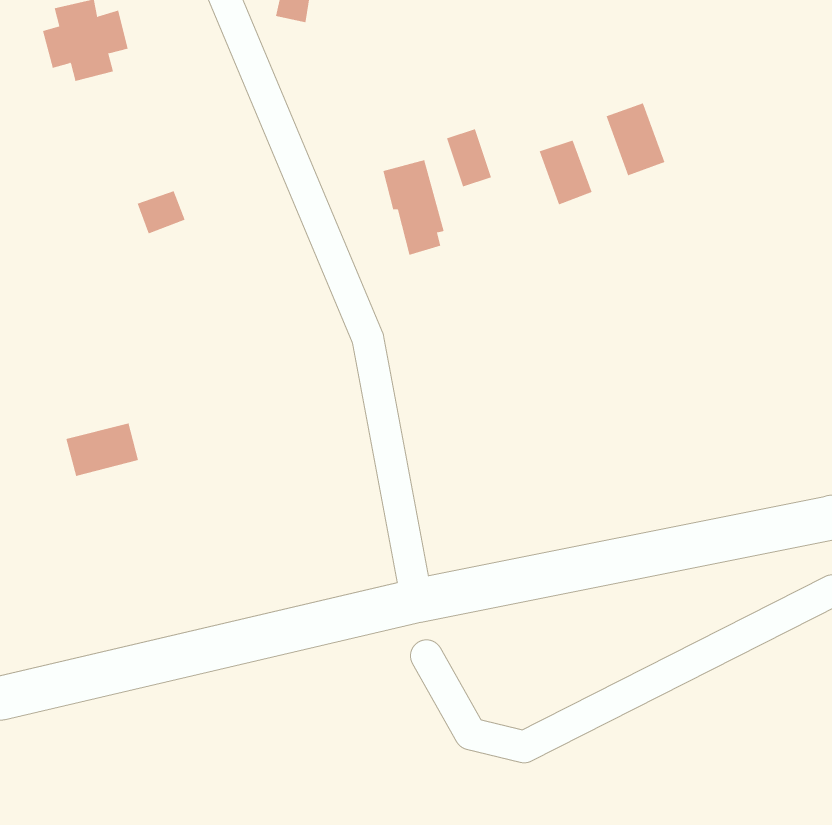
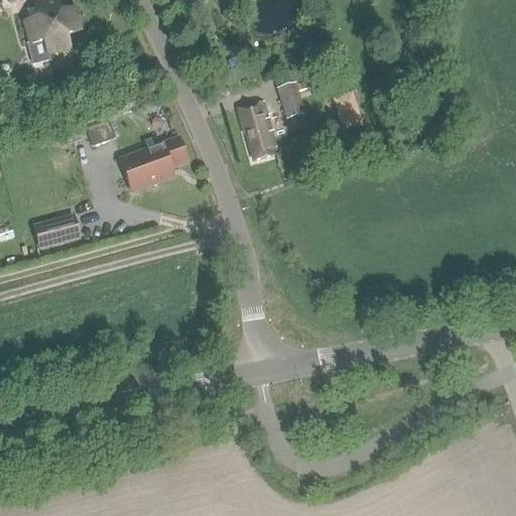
building: [606,102,665,176] -> none
building: none -> [122,137,186,188]
building: [66,423,139,476] -> [33,214,79,247]

